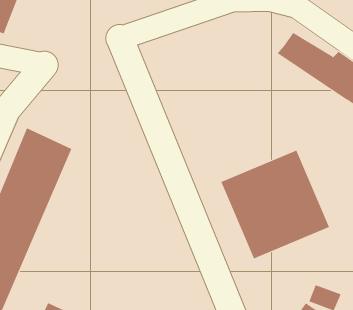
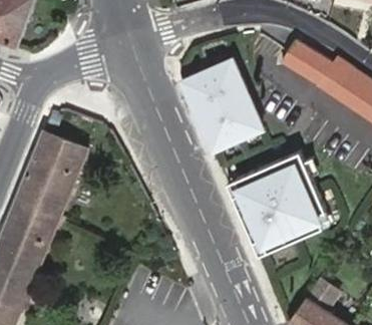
building: none -> [174,56,264,156]

